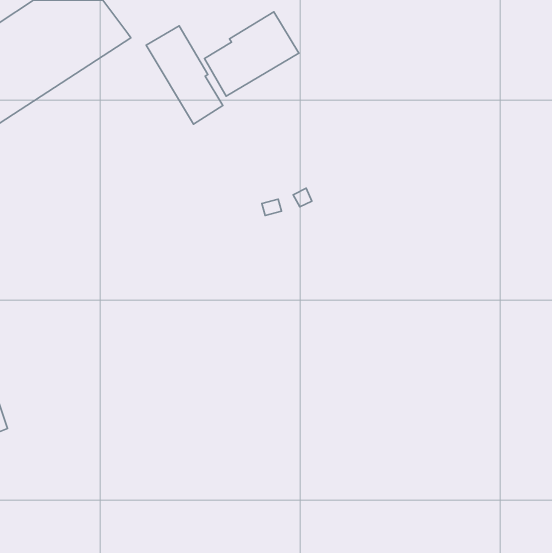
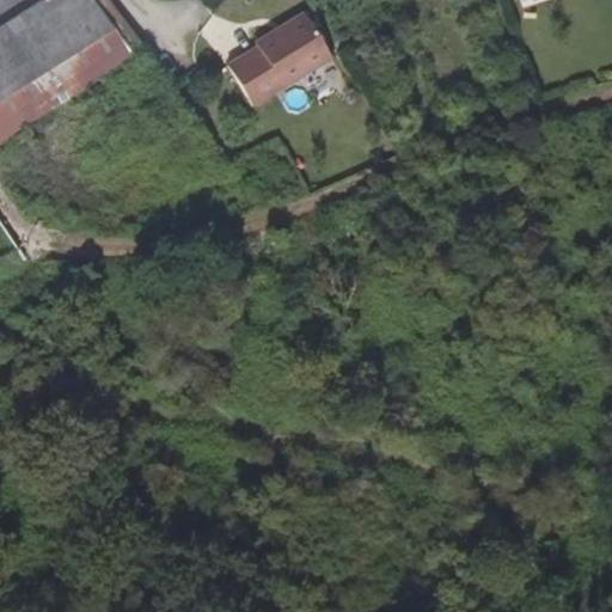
building: [146,26,223,124] -> none

